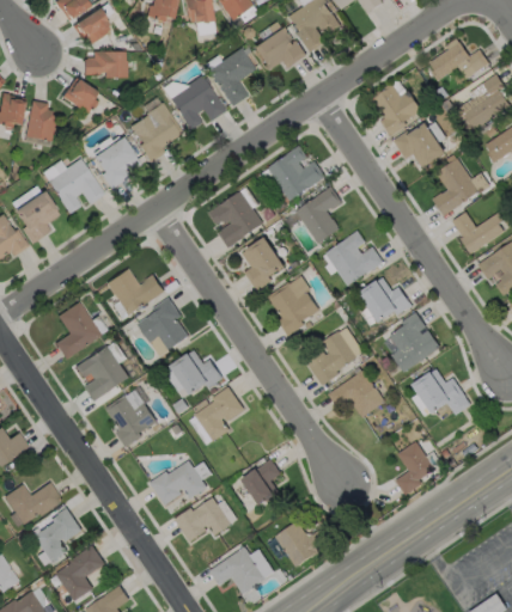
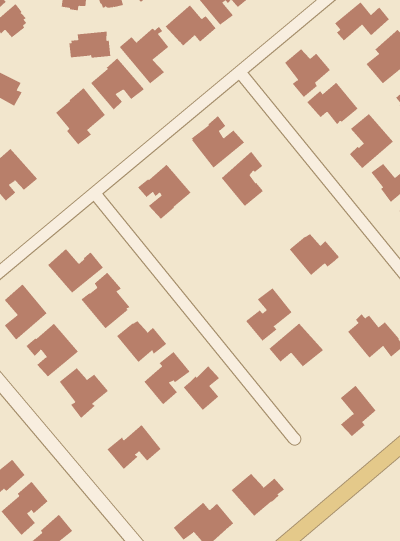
building: [83,50,126,76] -> [69,31,111,58]
building: [92,135,136,188] -> none
building: [324,230,383,286] -> none
building: [242,235,285,290] -> none
building: [267,275,318,336] -> none
building: [389,311,440,372] -> none
building: [242,458,281,504] -> [183,366,220,411]
building: [175,496,231,541] -> none

